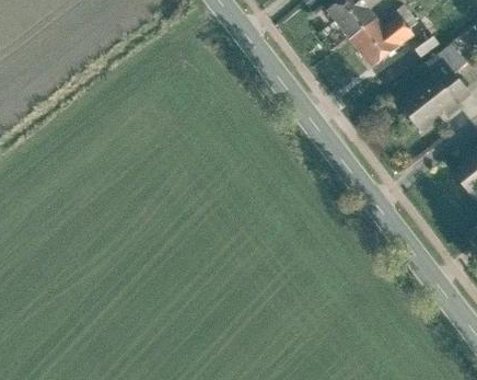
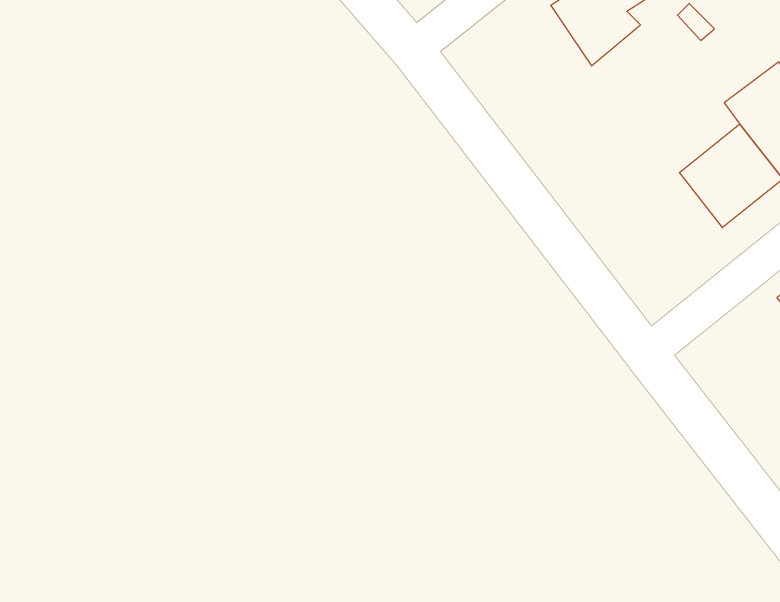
building: [349,16,408,67] -> none

